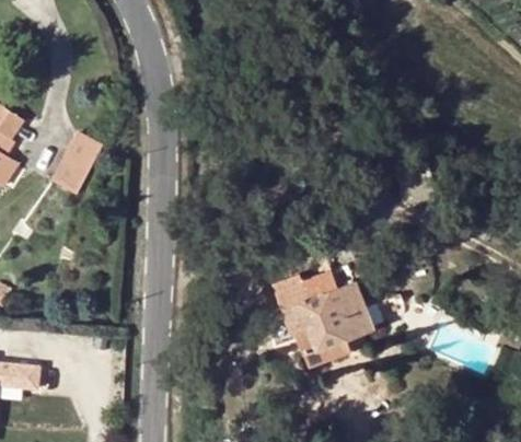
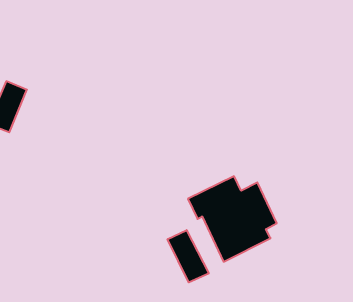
building: none -> [168,230,209,282]

